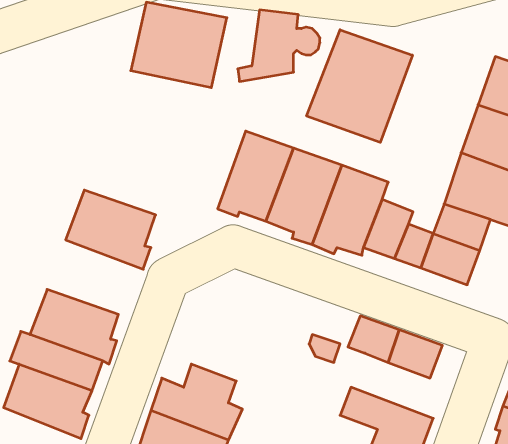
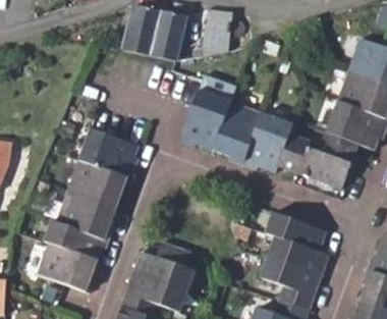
building: [307,30,412,142] -> none
building: none -> [67,161,130,210]
building: none -> [267,235,329,278]

